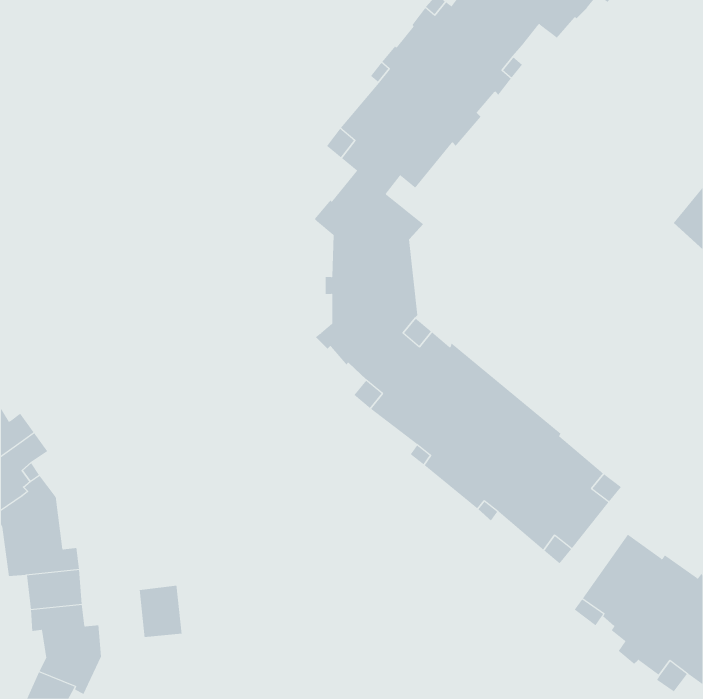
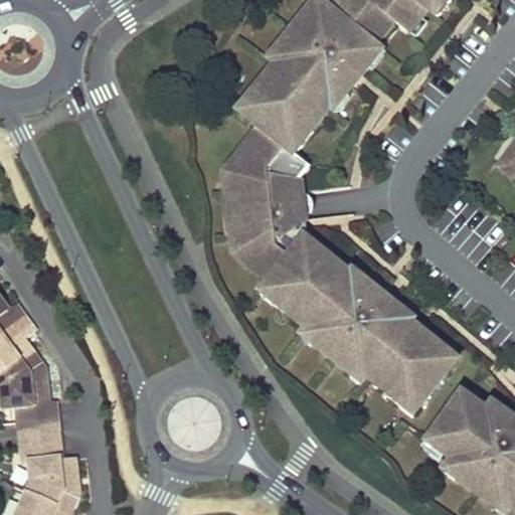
building: none -> [223,162,243,243]
building: [139,585,182,638] -> none

